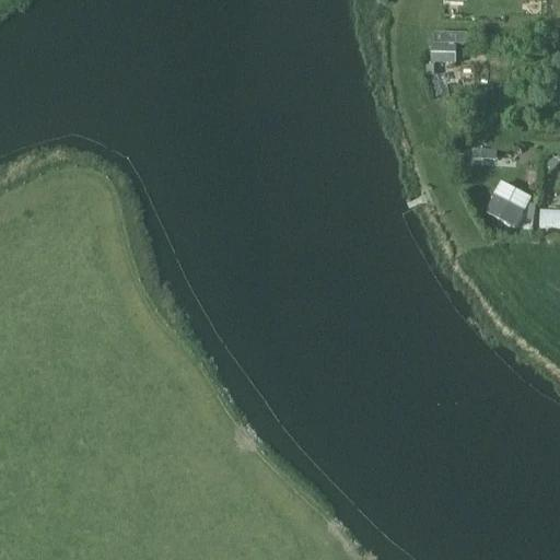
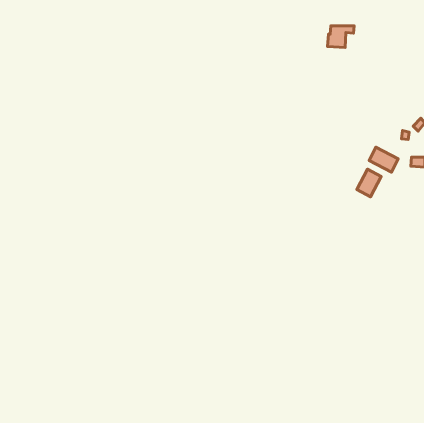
building: none -> [357,169,381,197]

